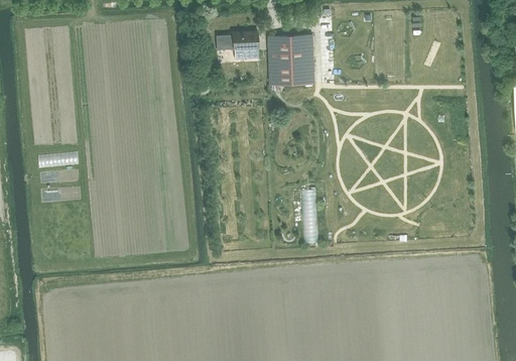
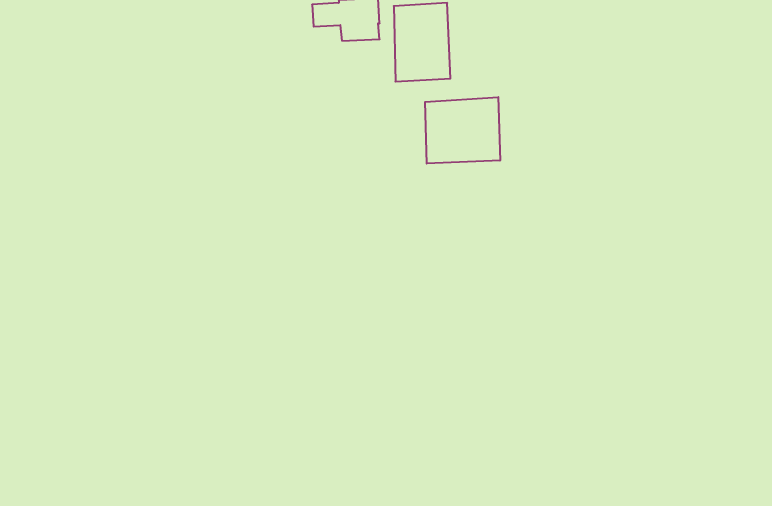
building: none -> [425,97,500,164]

